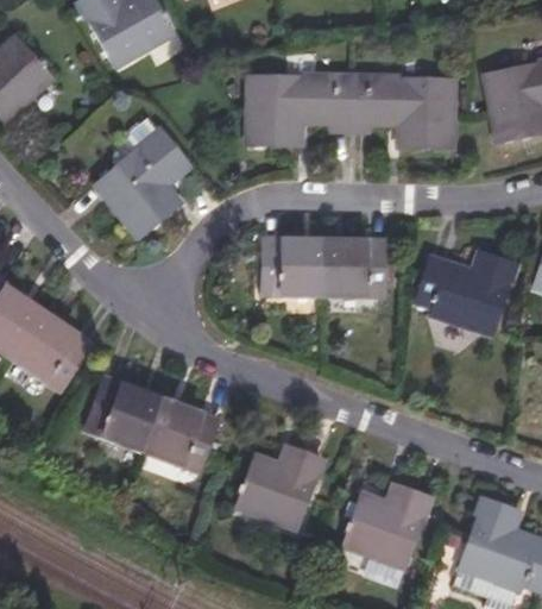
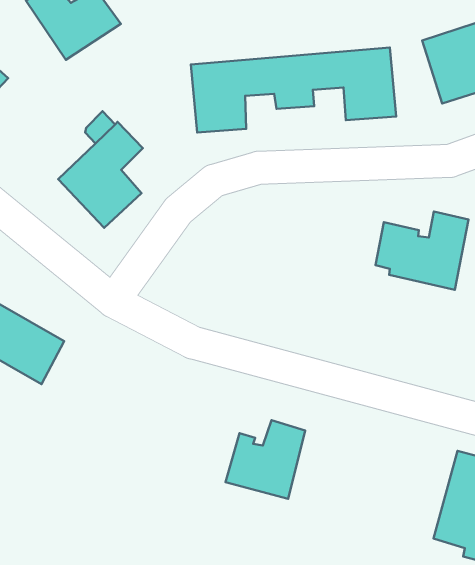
building: [266,241,389,293] -> none
building: [90,382,223,471] -> none
building: [345,481,428,559] -> none

